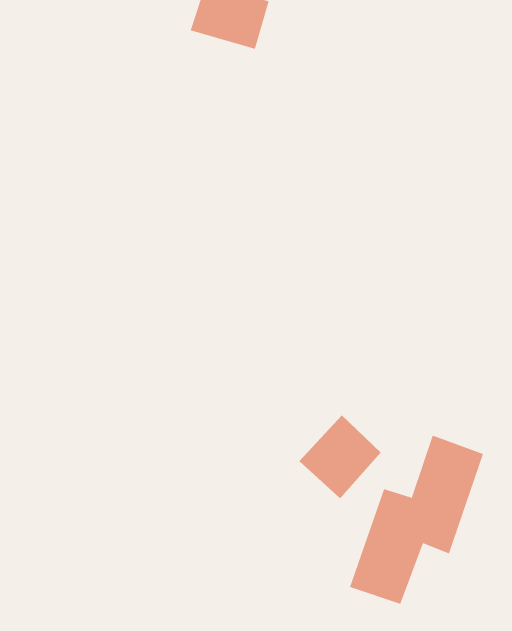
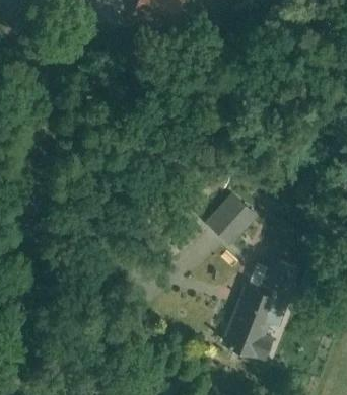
building: [299,415,382,499] -> [205,194,254,244]

